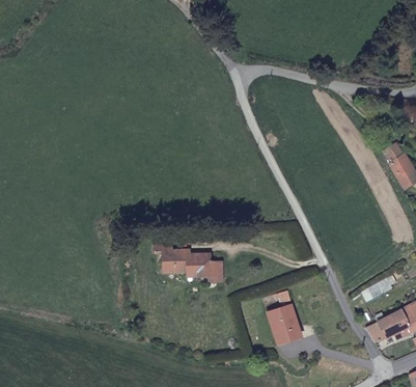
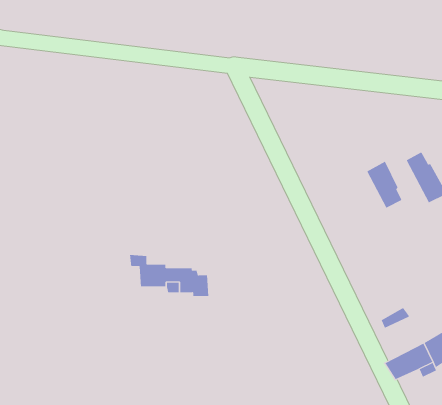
building: none -> [367,161,402,209]
building: [272,307,302,343] -> none

